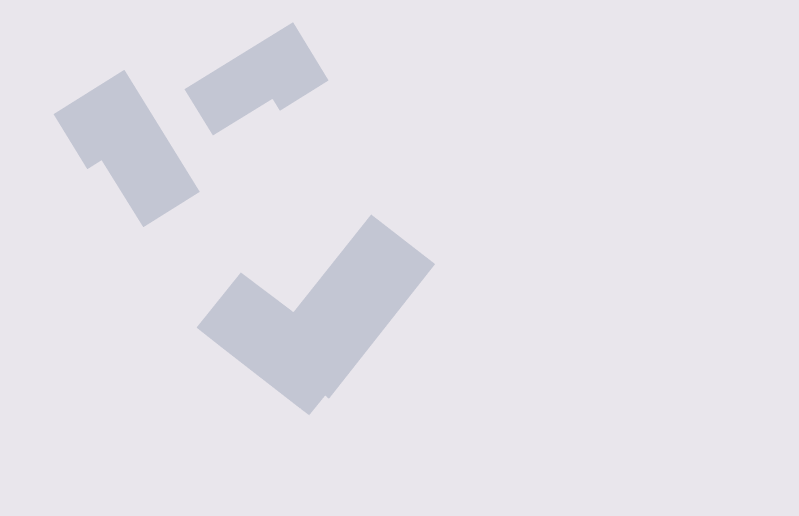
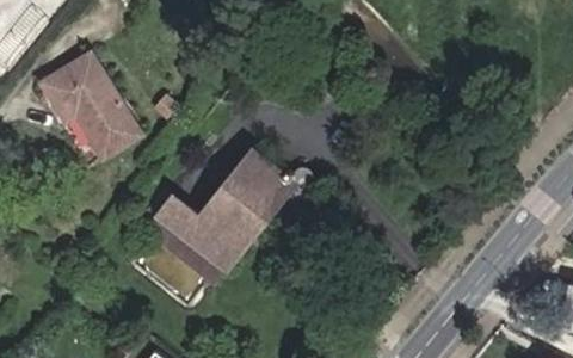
building: [184,21,330,137] -> none

